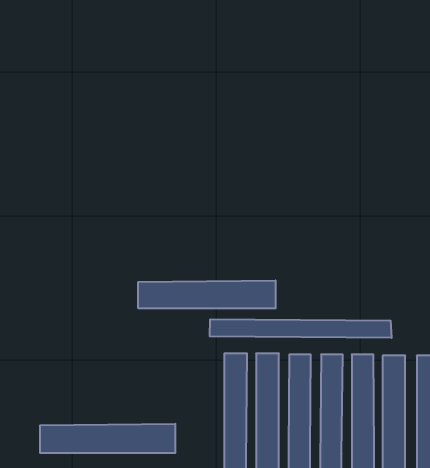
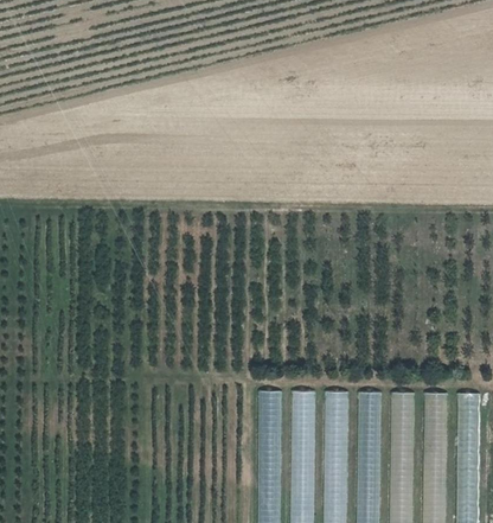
building: [138,280,276,308] -> none
building: [210,319,392,338] -> none
building: [40,424,175,453] -> none

